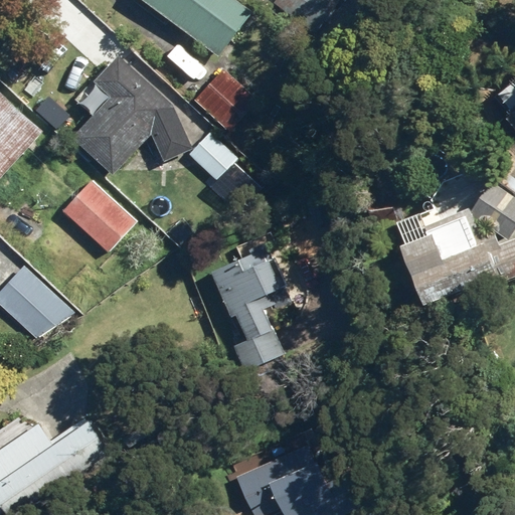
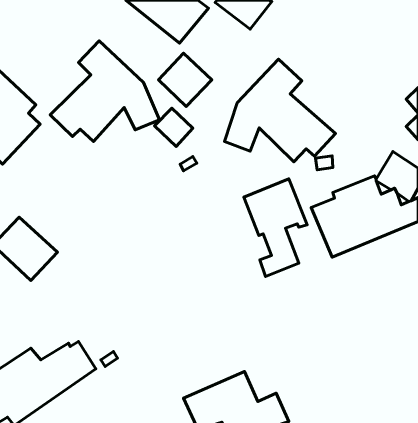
building: none -> [225,59,336,162]
building: [62,178,134,249] -> none
building: [215,244,292,362] -> [244,179,307,276]

